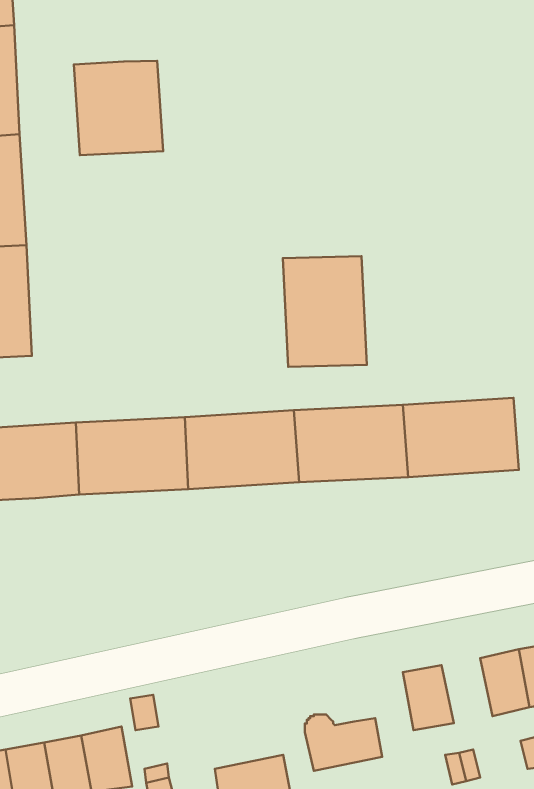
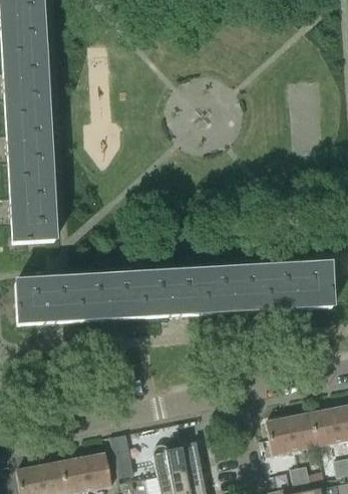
building: [74,61,163,155] -> none
building: [283,256,367,367] -> none
building: none -> [289,412,318,449]
building: [305,715,382,771] -> [154,443,199,475]

